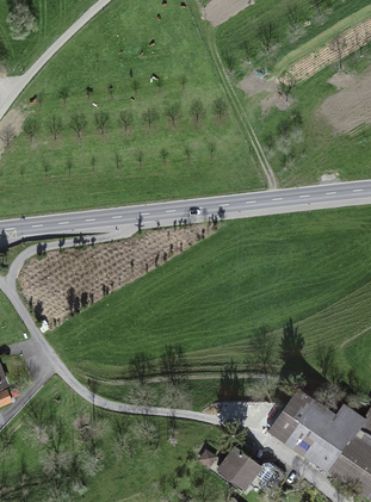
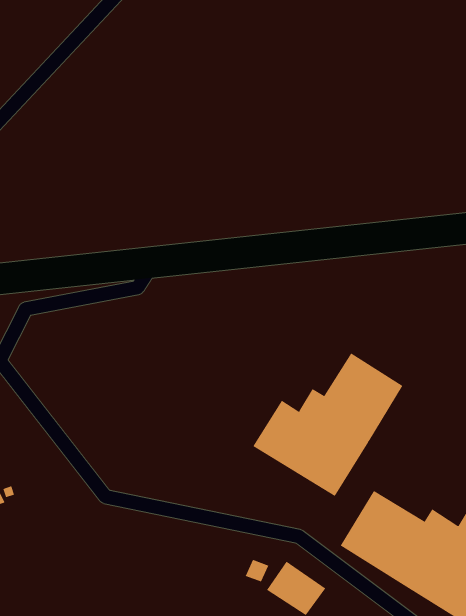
building: none -> [253,353,403,497]

